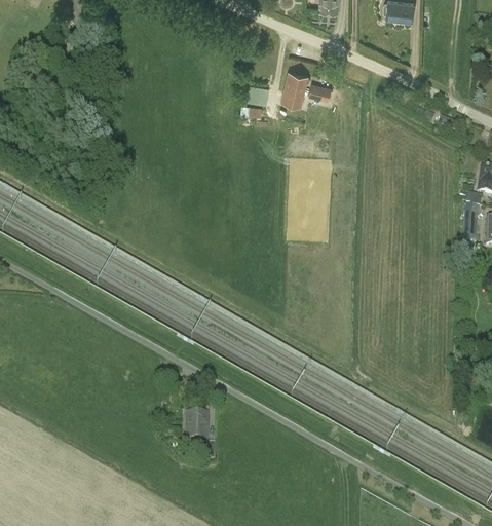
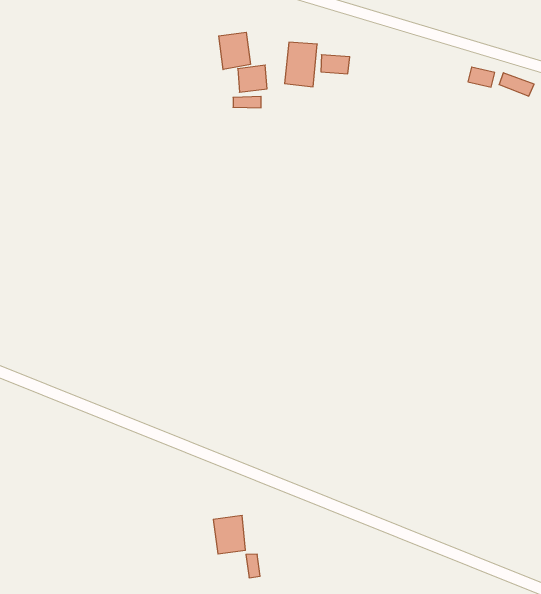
building: none -> [219,32,250,70]

